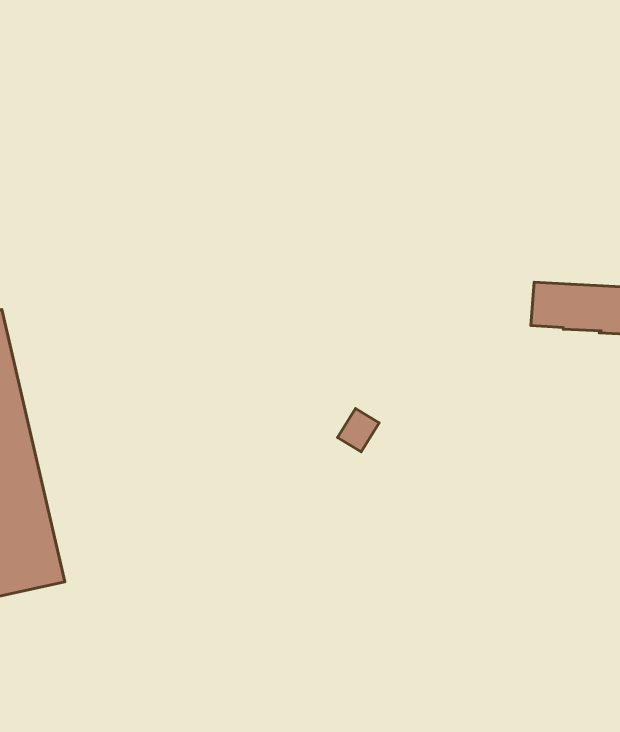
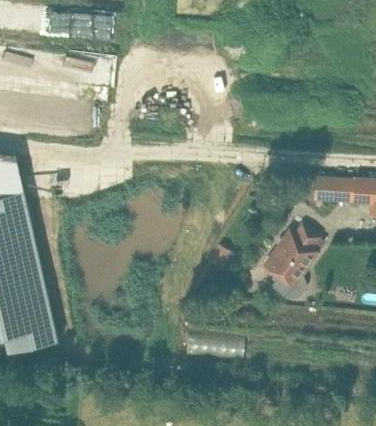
building: none -> [265,226,324,300]

